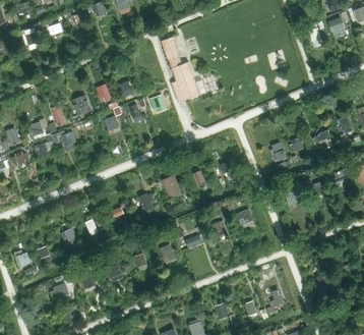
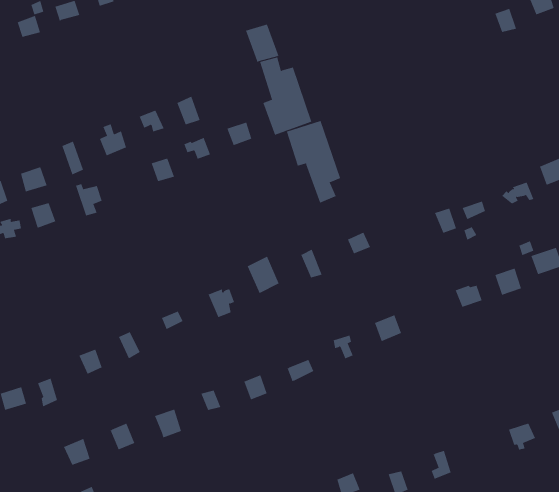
building: none -> [286,120,341,204]

